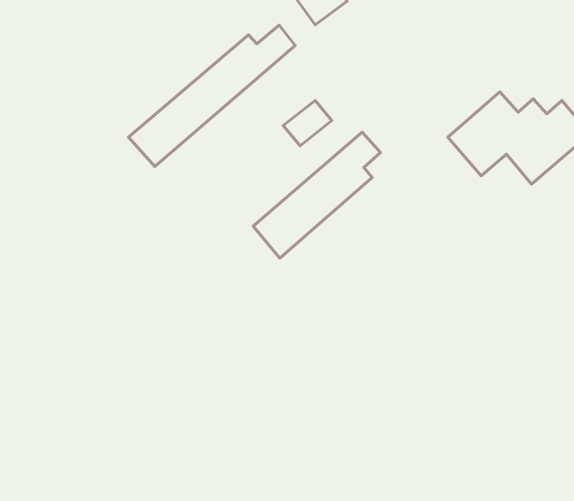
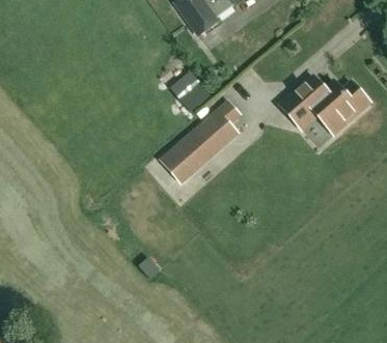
building: [129,25,295,167] -> none

